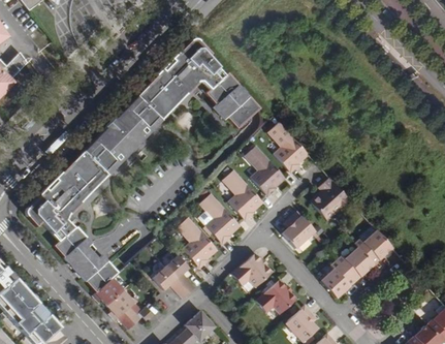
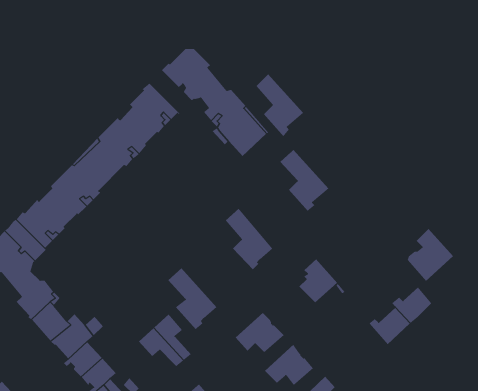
building: [162,58,196,93] -> none
building: [245,145,284,196] -> [256,73,304,137]
building: [311,177,349,220] -> [407,228,454,282]
building: [200,193,240,245] -> none
building: [324,263,355,298] -> none

